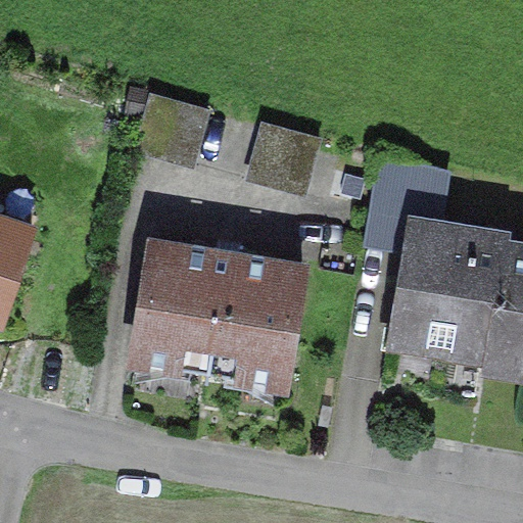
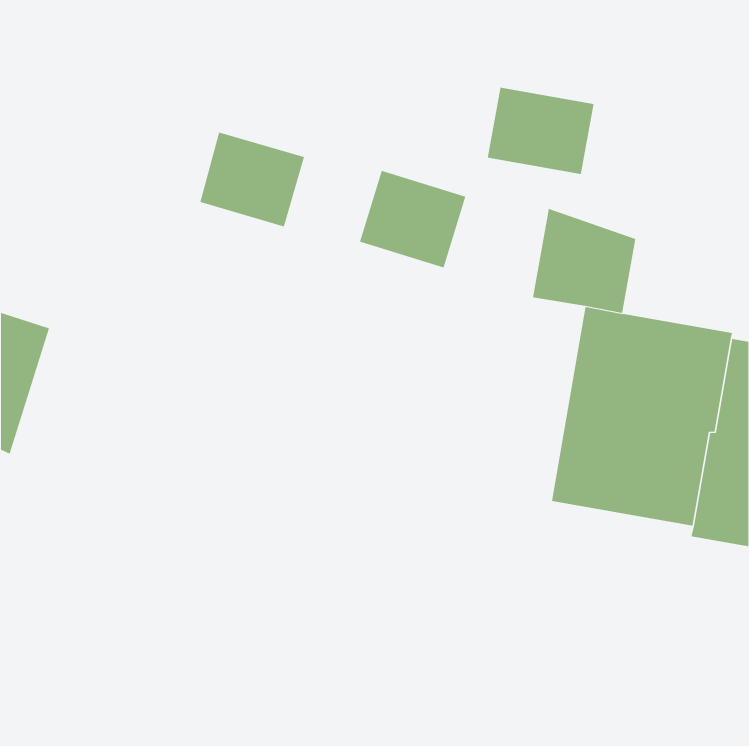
building: none -> [487,87,594,175]
building: [127,245,300,388] -> none

